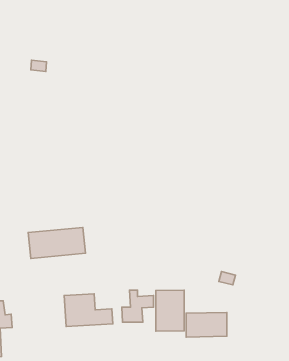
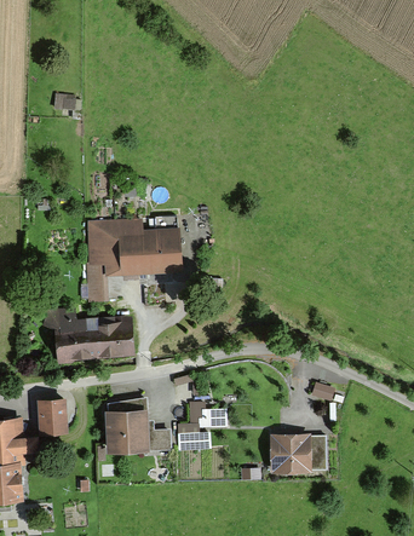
building: none -> [90,218,177,300]
building: none -> [35,398,64,439]
building: [156,290,184,331] -> none

